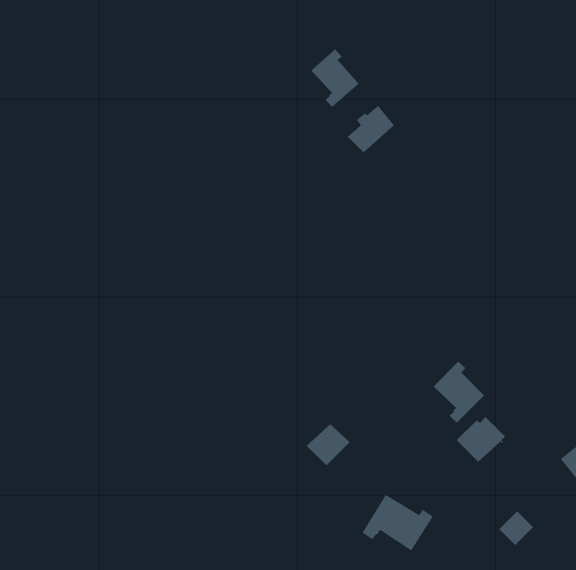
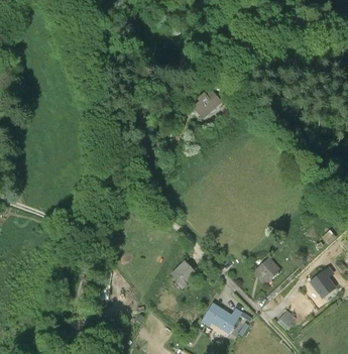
building: [311,49,359,108] -> none
building: [433,361,485,423] -> none

